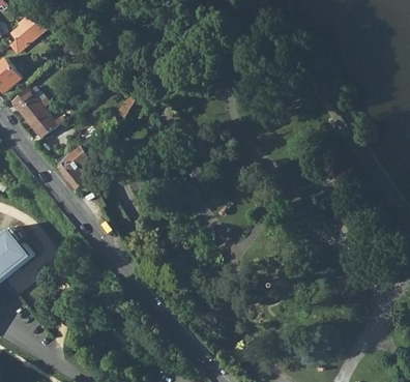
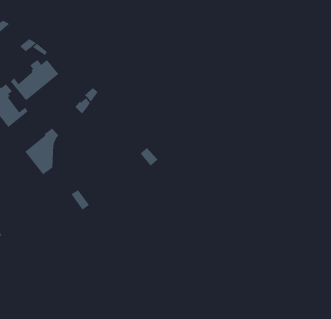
building: none -> [10,59,59,101]

